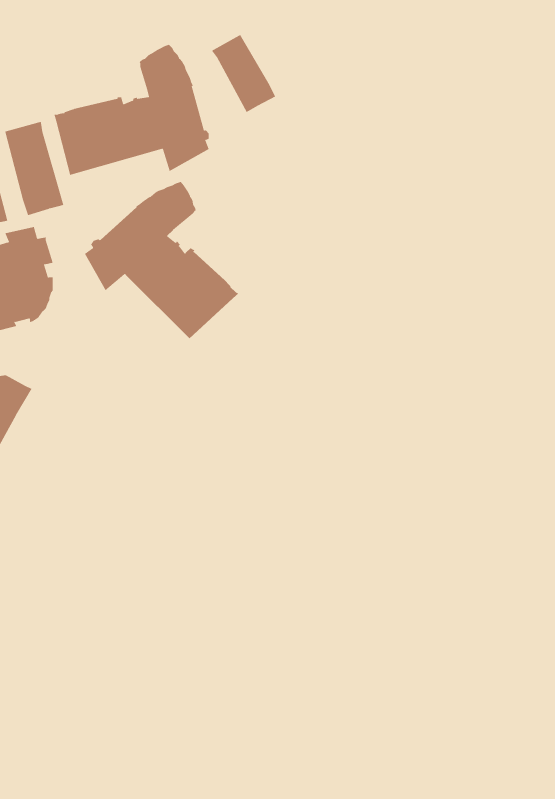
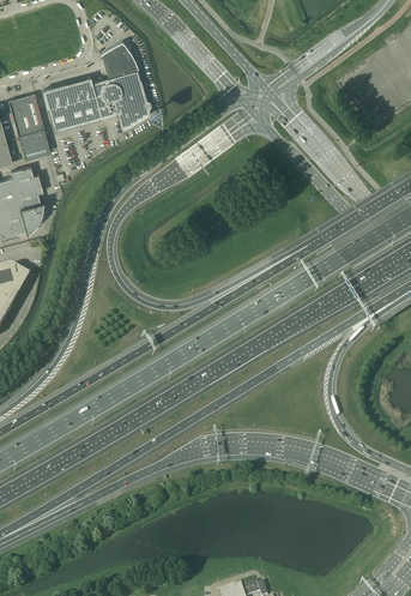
building: [211,33,276,113] -> none
building: [84,181,239,339] -> none

